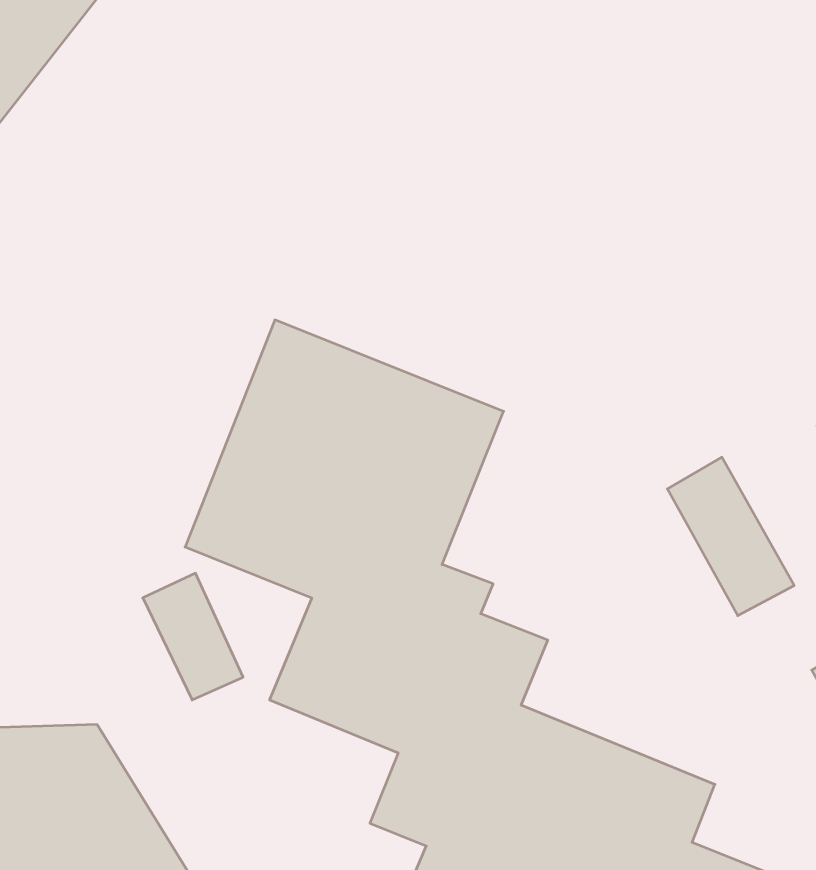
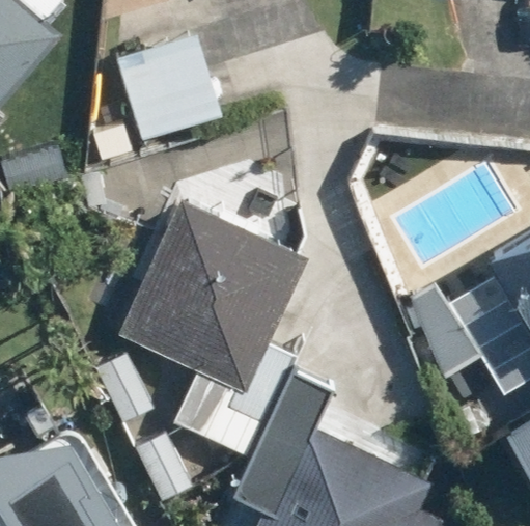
building: none -> [116,35,225,143]

